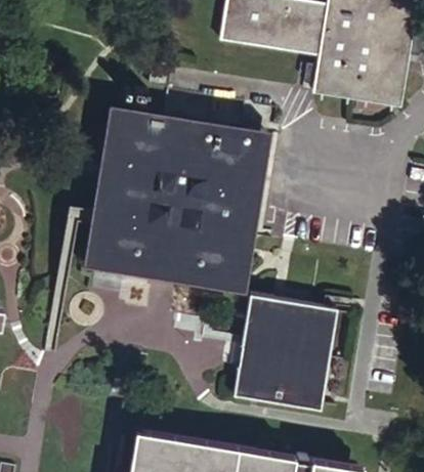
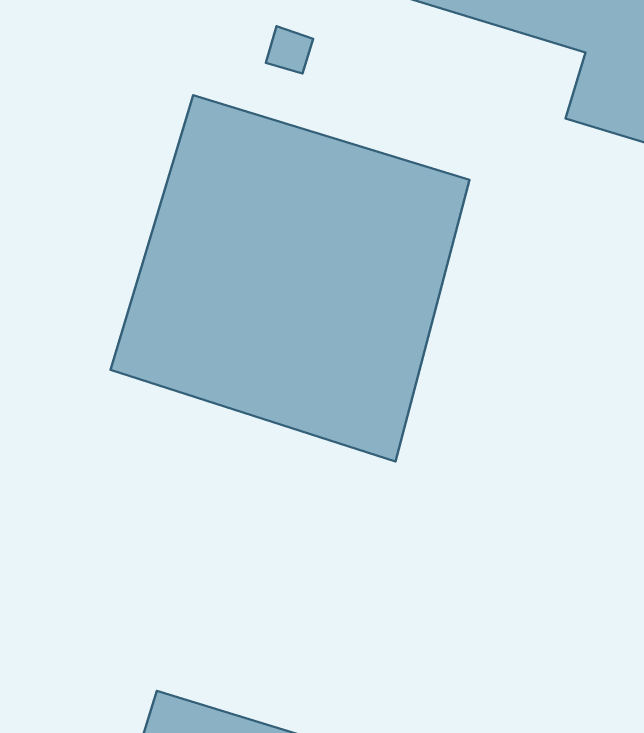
building: [232,296,337,411] -> none

